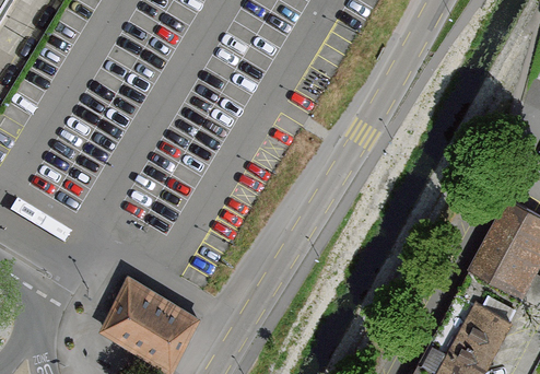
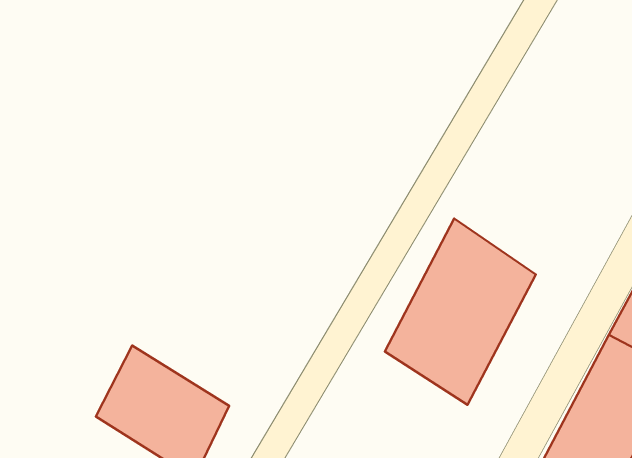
building: none -> [385,219,536,405]

